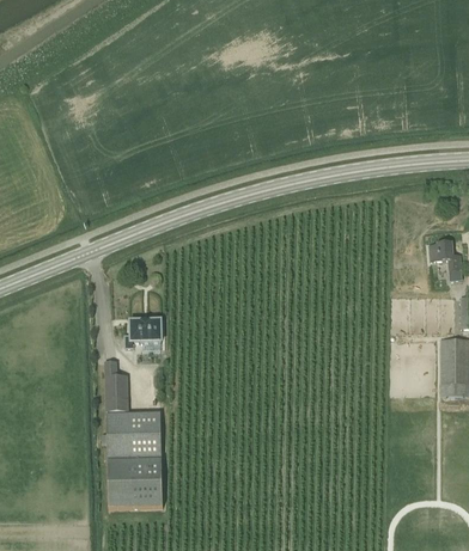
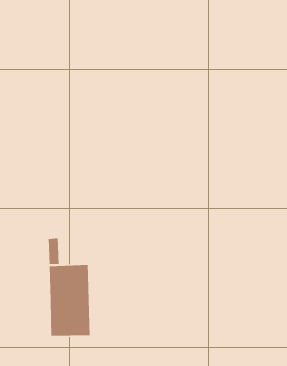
building: [124,317,163,347] -> none

